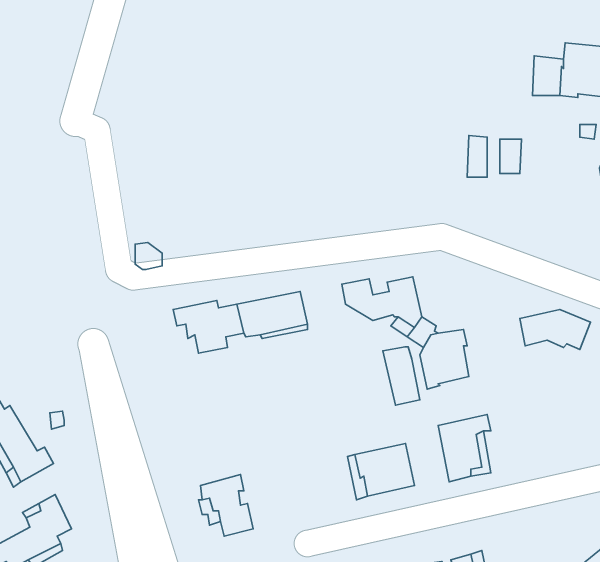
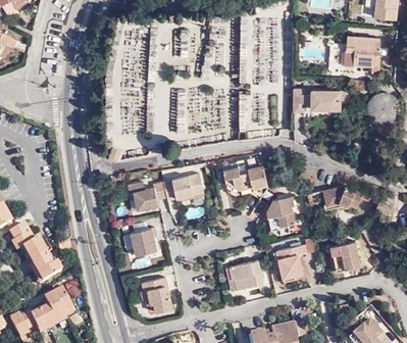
building: none -> [323,90,352,109]
building: [383,347,420,405] -> none
building: none -> [132,229,158,256]
building: none -> [330,242,361,272]

